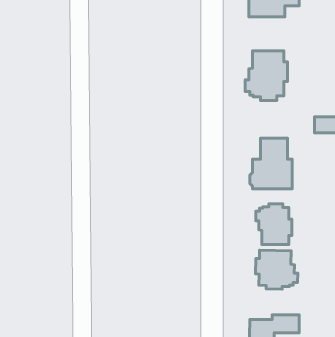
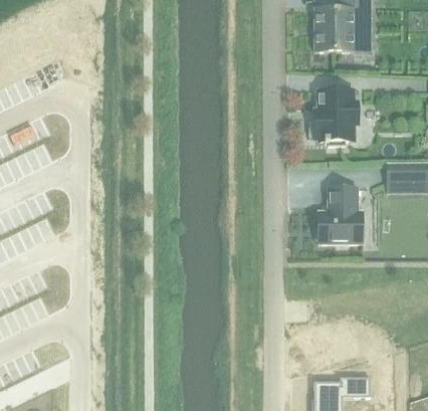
building: [256,204,292,245] -> none
building: [256,250,298,289] -> none

